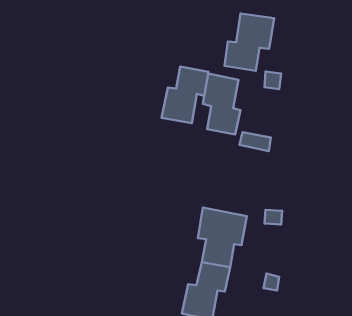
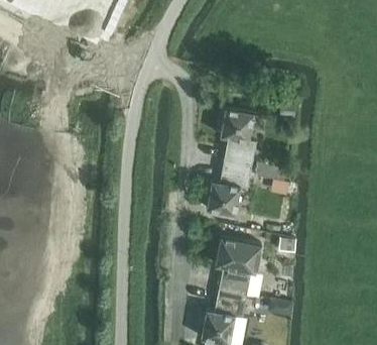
building: [225,14,274,71] -> none
building: [161,66,208,123] -> [207,159,252,214]

